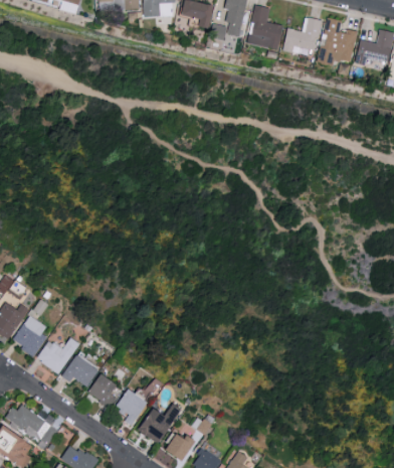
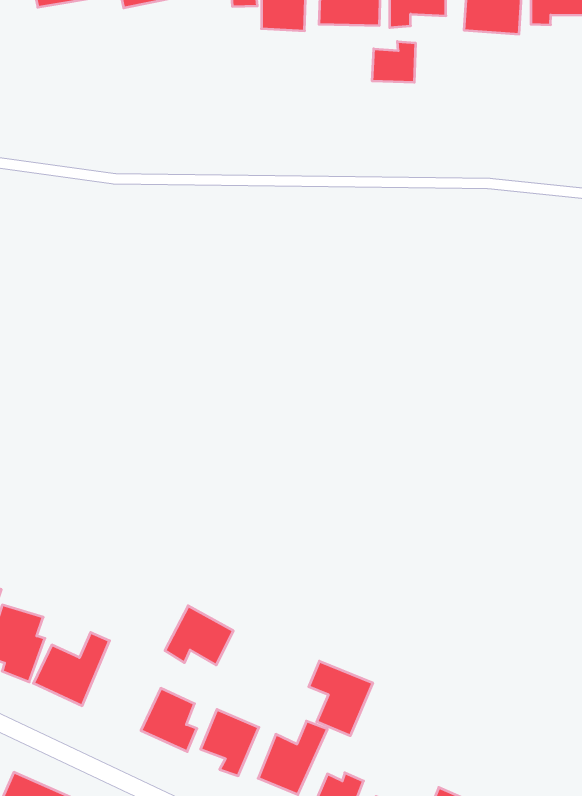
building: none -> [372,41,415,82]
building: [61,354,98,387] -> [165,606,233,665]
building: none -> [309,661,373,736]

